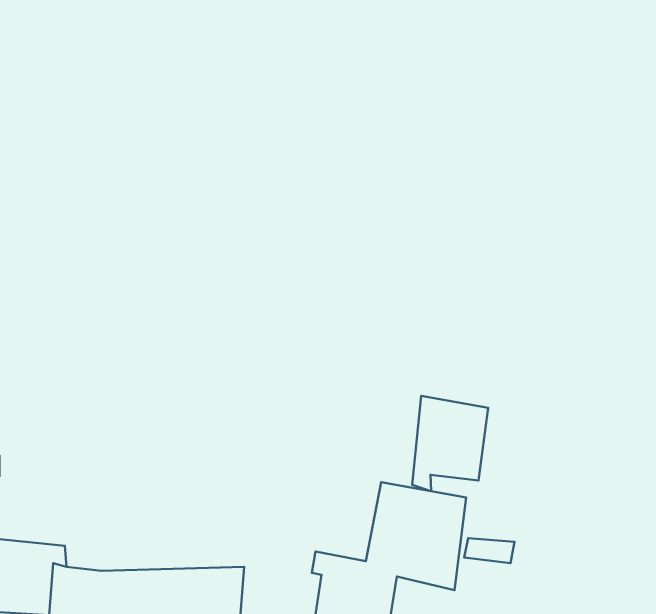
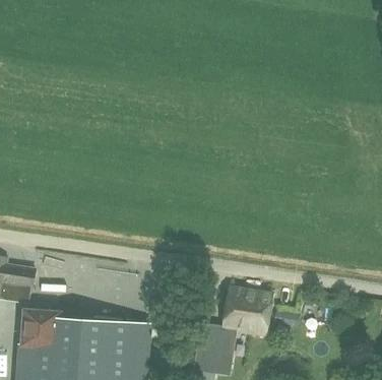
building: [412,396,488,491] -> none

